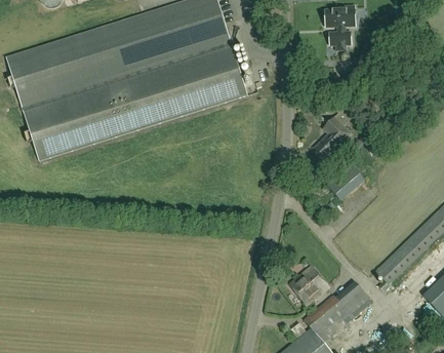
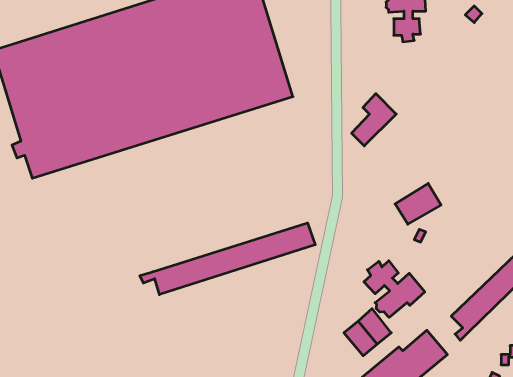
building: [315,116,351,158] -> [352,94,396,146]
building: none -> [140,223,315,295]
building: none -> [364,261,425,317]

